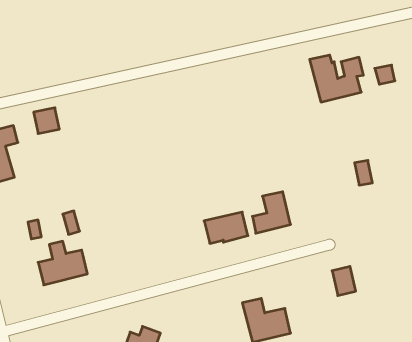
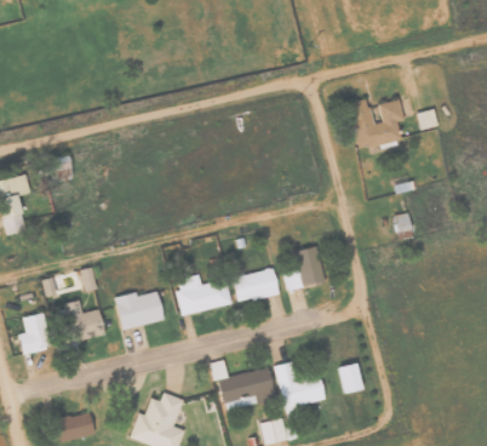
building: none -> [176,274,233,316]
building: none -> [114,291,165,331]
building: none -> [18,311,52,355]
building: [332,266,356,296] -> [337,362,362,394]
building: none -> [217,368,275,402]

